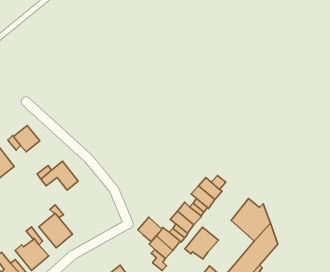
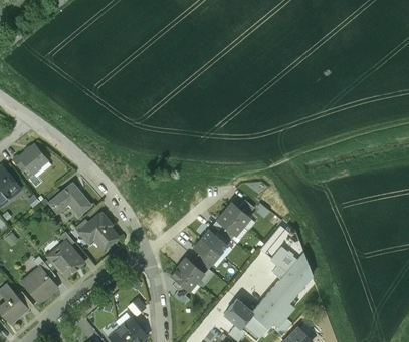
building: none -> [79,217,119,250]
building: [138,217,162,242] -> none
building: [185,227,218,259] -> none

